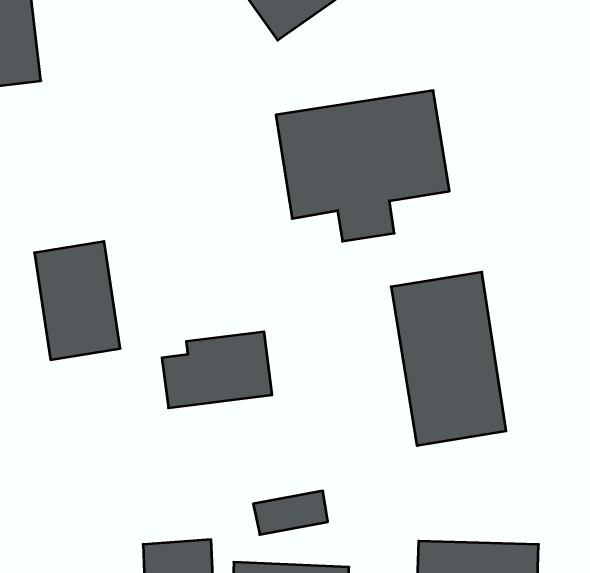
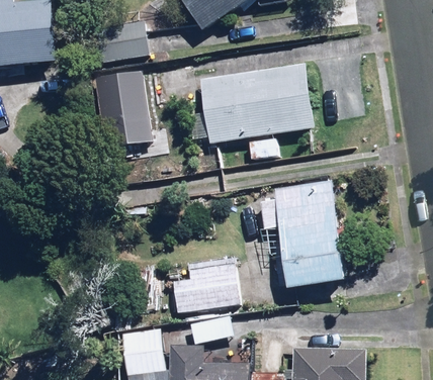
building: none -> [100,20,149,62]
building: [34,241,120,360] -> [97,74,151,148]
building: [162,332,272,408] -> [170,262,239,309]

